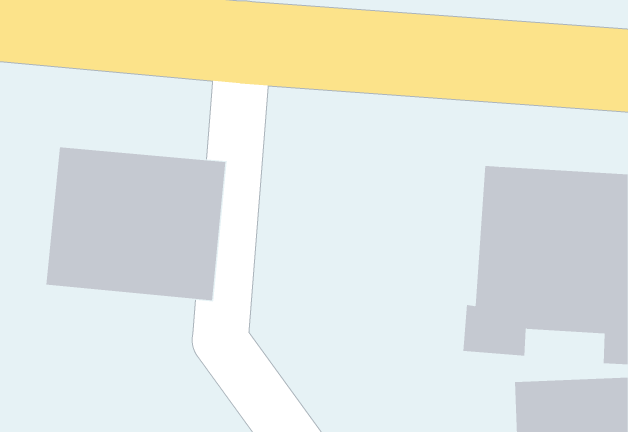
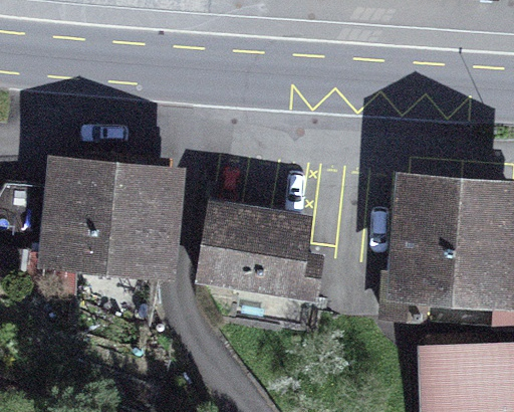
building: none -> [196,199,325,303]

